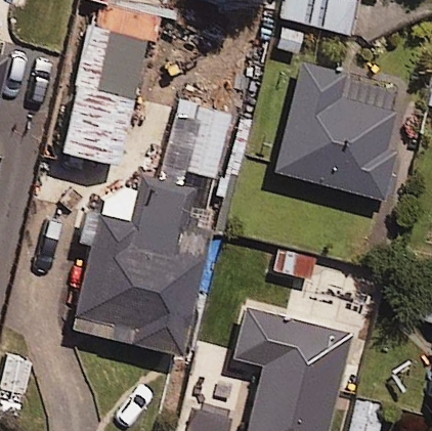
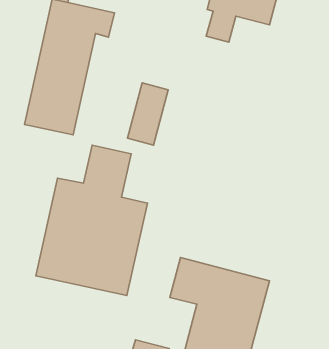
building: [274,70,398,200] -> none

